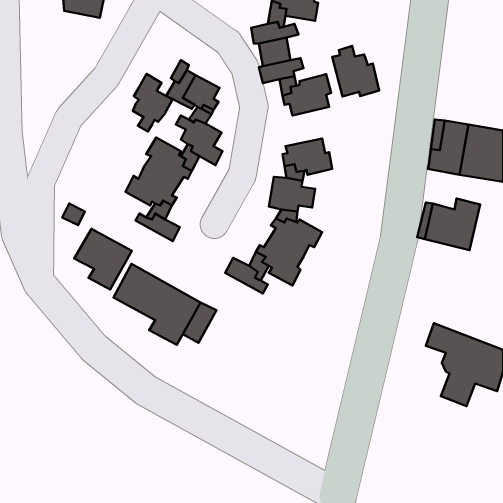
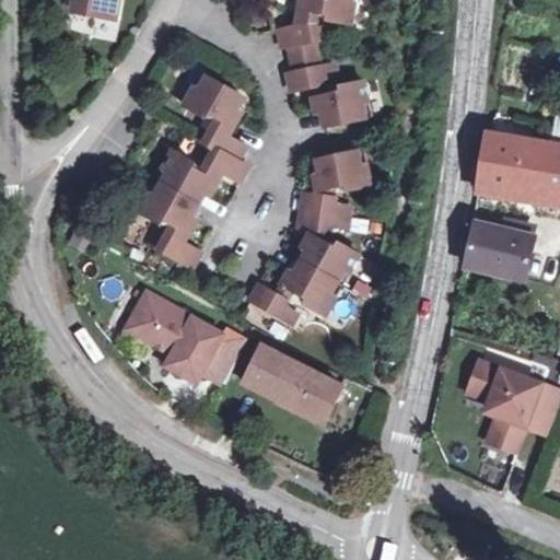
building: [332,46,379,97] -> none
building: [133,74,172,131] -> none
building: [74,229,132,290] -> none
building: none -> [243,343,341,421]

